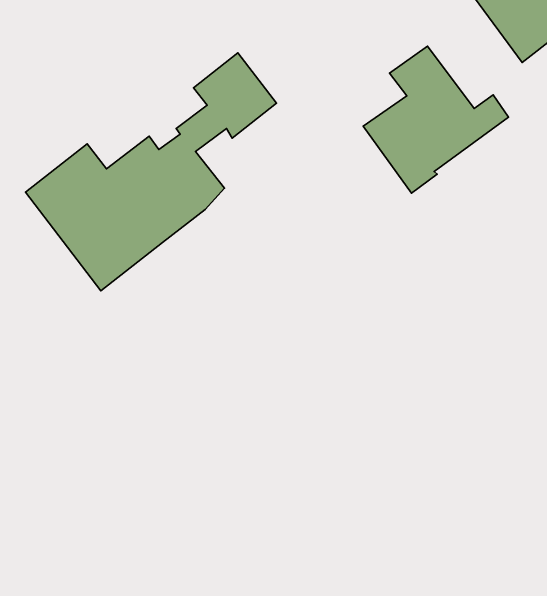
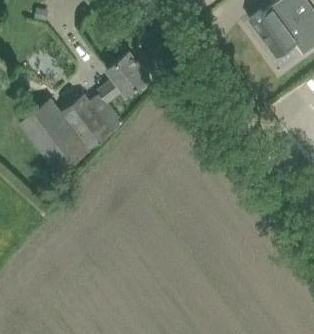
building: [363,46,509,193] -> none

